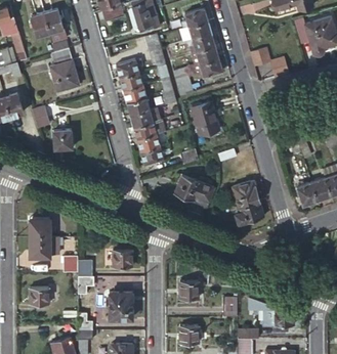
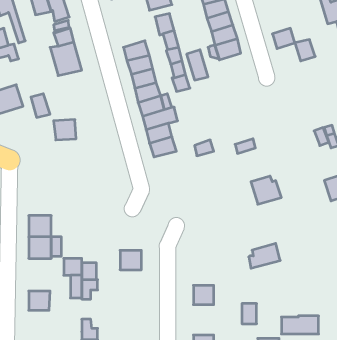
building: [192,101,218,134] -> none
building: [174,174,213,205] -> none
building: [235,201,263,223] -> [249,243,280,268]
building: [110,292,132,317] -> none

